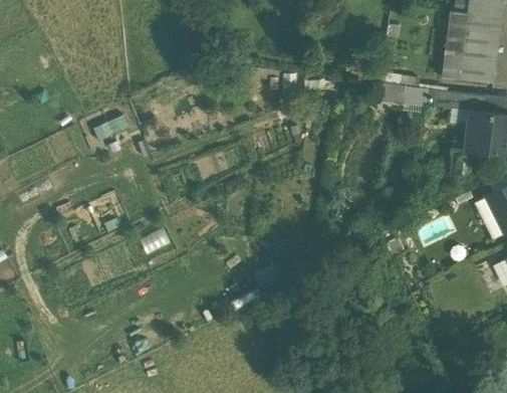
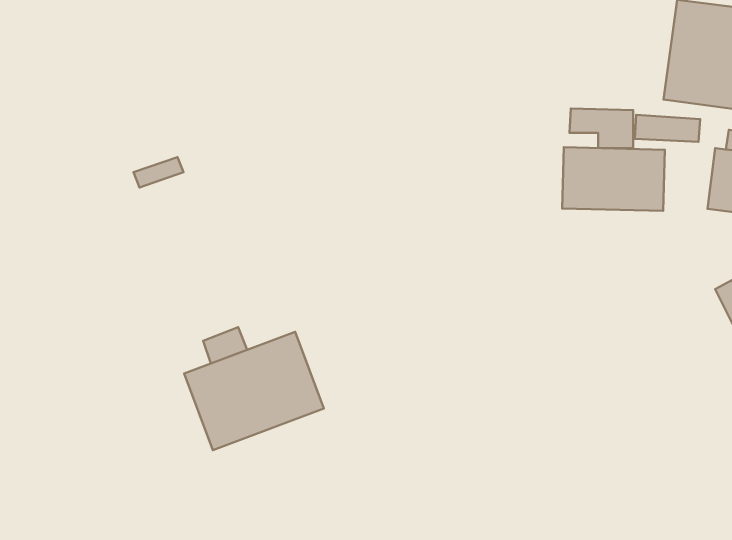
building: none -> [562,147,665,211]
building: none -> [184,332,324,450]

